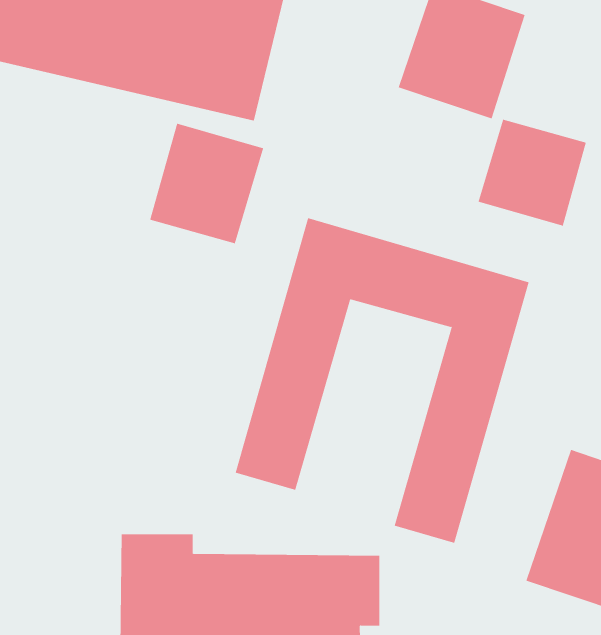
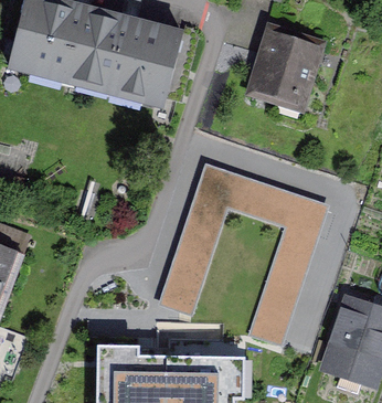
building: [478,119,587,226] -> none
building: [150,123,264,244] -> none

